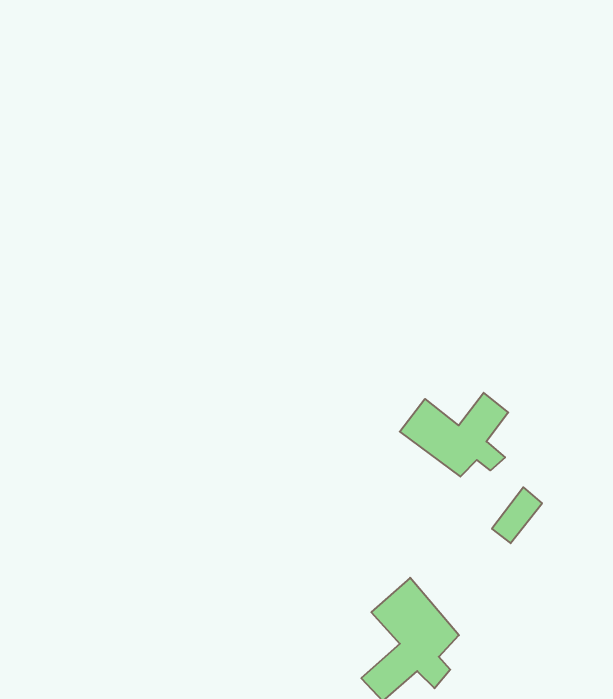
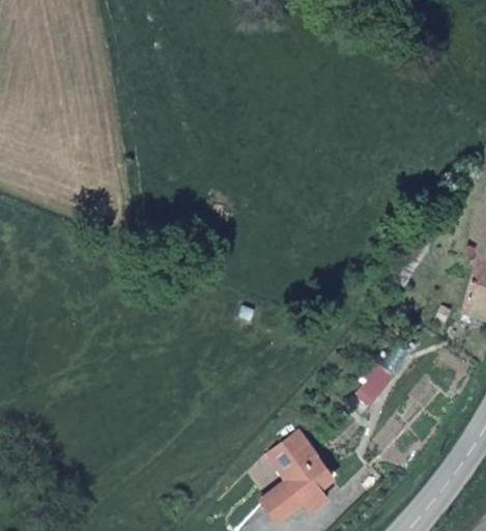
building: [400,393,508,477] -> none

